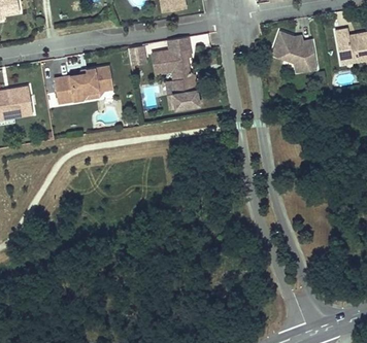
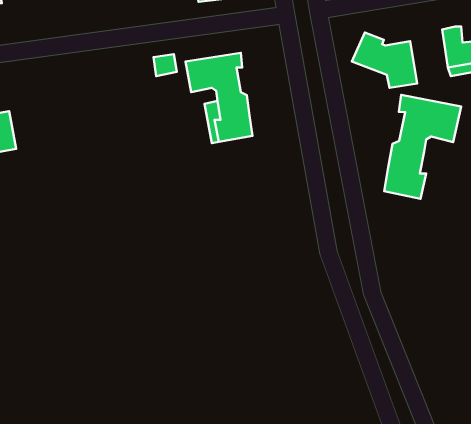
building: [53,67,112,105] -> none
building: none -> [384,95,461,199]

